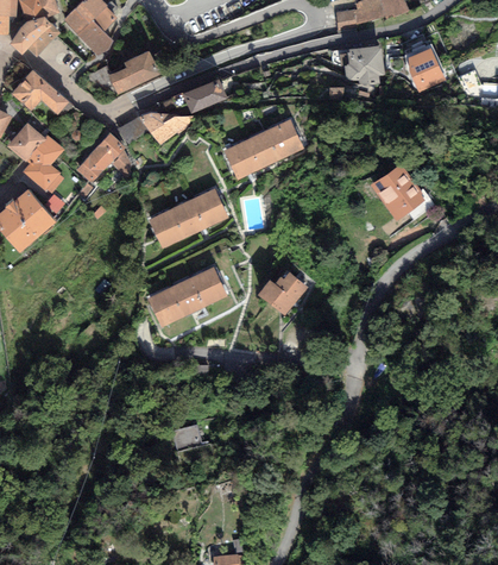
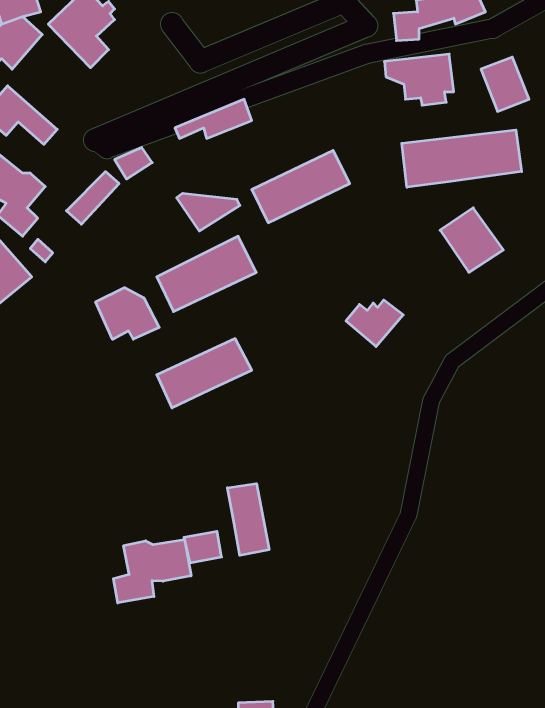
building: [109,49,159,92] -> none
building: none -> [402,130,522,187]
building: [143,113,193,143] -> [177,193,240,231]
building: none -> [96,288,159,339]
building: [259,275,304,312] -> [346,300,403,347]
building: none -> [227,484,269,555]
building: none -> [113,539,191,603]

